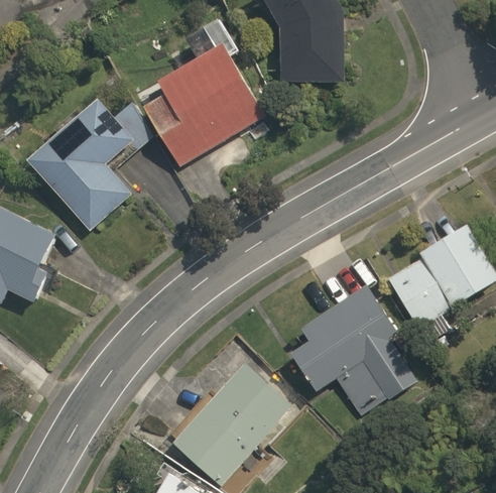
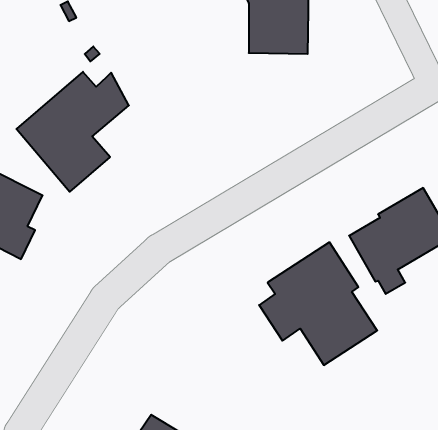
building: [143,29,264,165] -> none
building: [176,358,301,481] -> none

